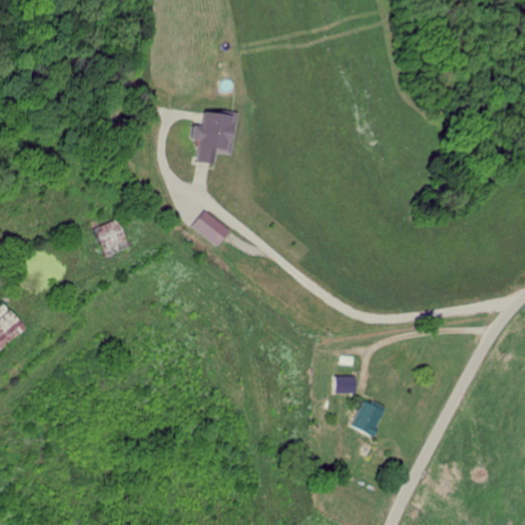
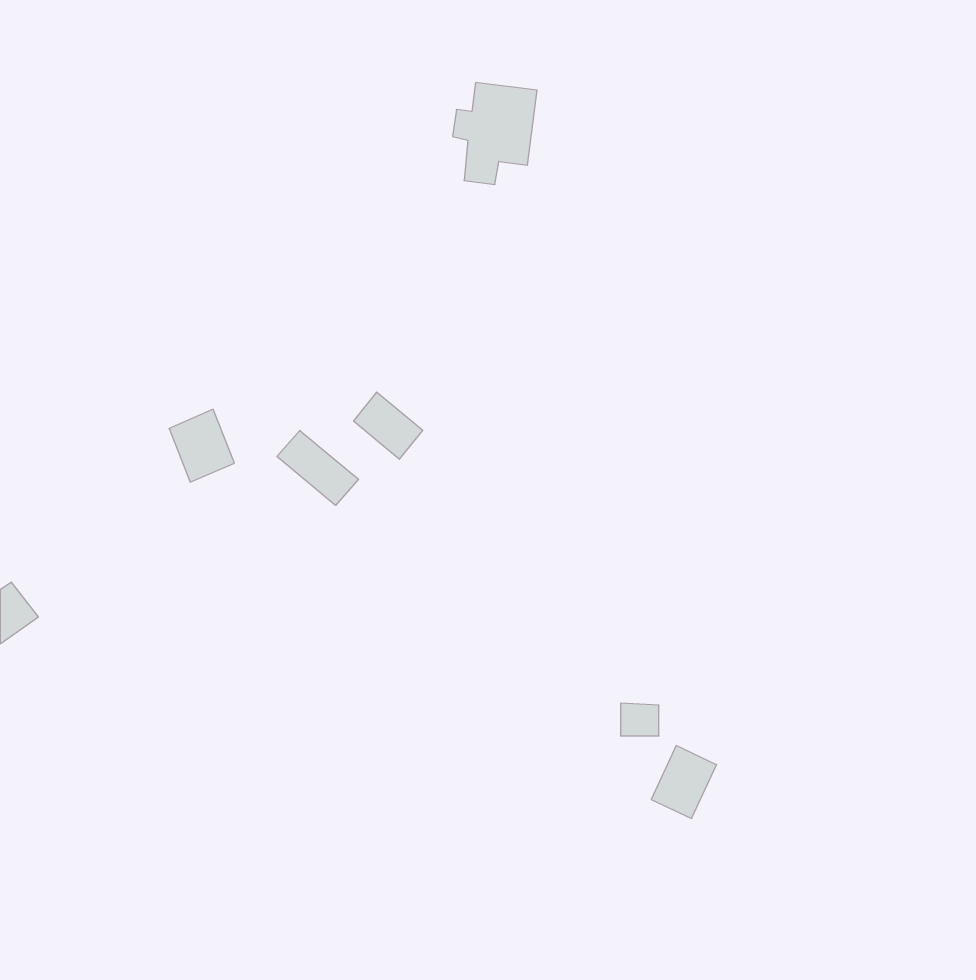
building: [190,110,235,164] -> [453,83,537,184]
building: none -> [277,430,358,505]

